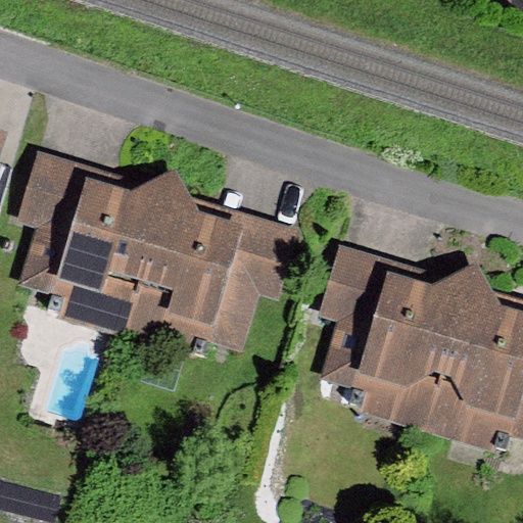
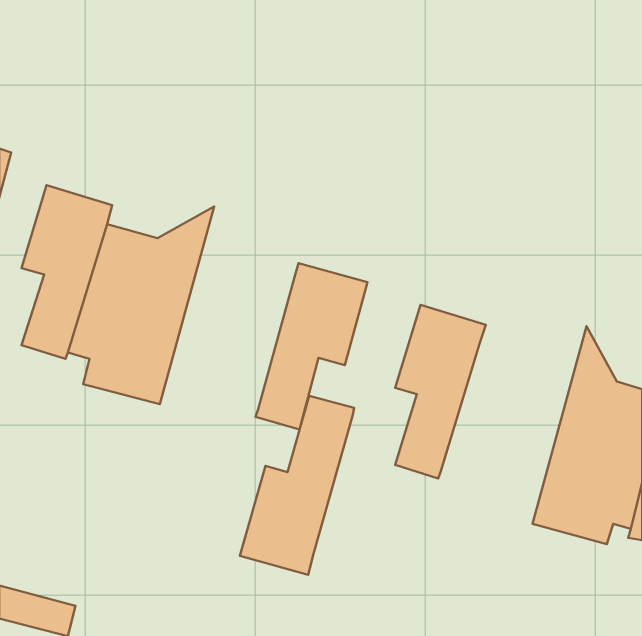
building: [130,168,239,344] -> none
building: [358,265,476,425] -> none
building: none -> [240,396,354,575]

